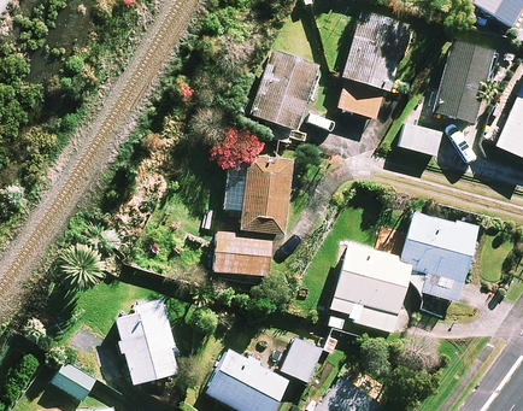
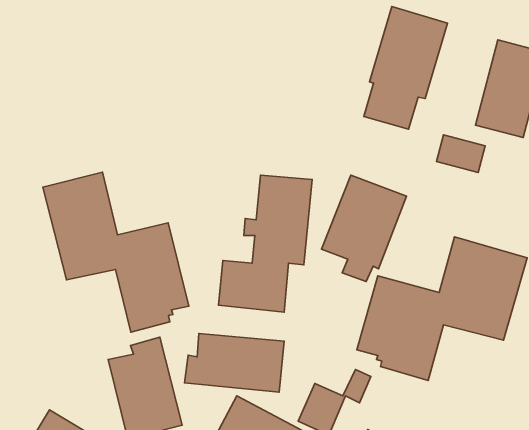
building: [247,49,321,141] -> [321,175,407,281]
building: none -> [43,172,189,332]
building: none -> [184,333,284,392]

